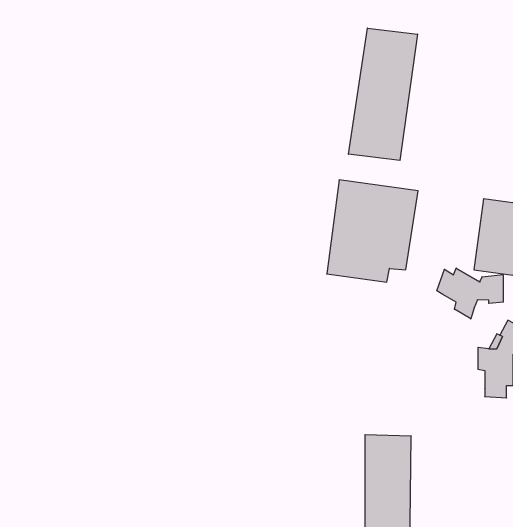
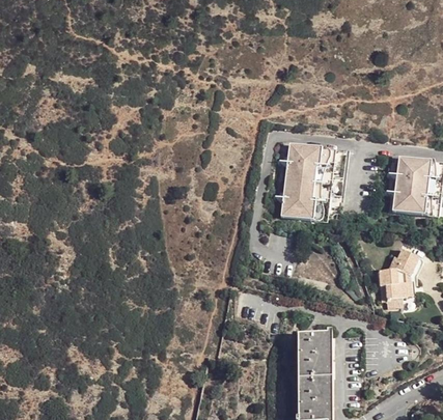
building: [348,28,417,160] -> none
building: [437,268,503,319] -> none

